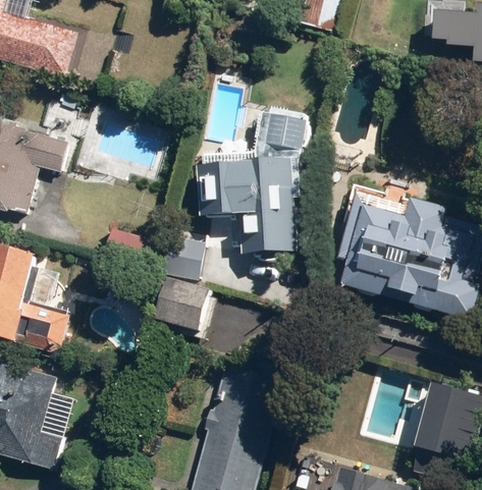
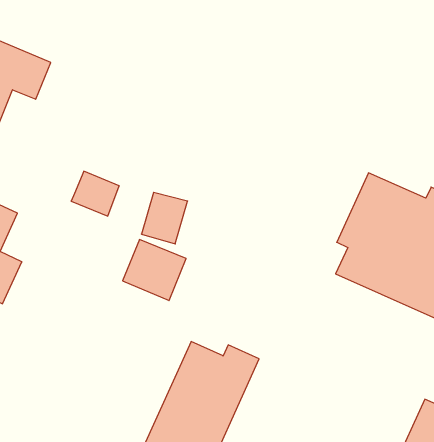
building: [196,108,307,253] -> none

